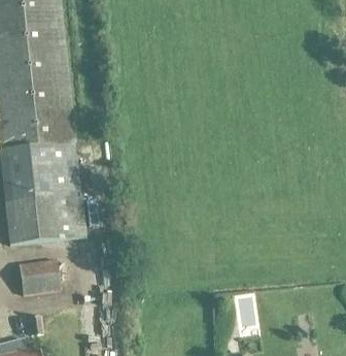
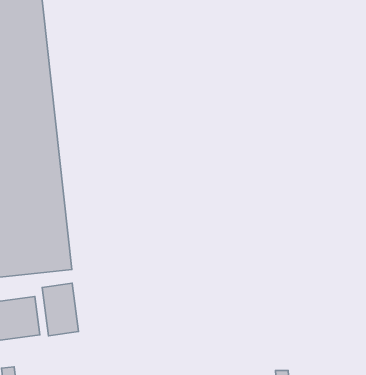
building: none -> [42,283,79,336]

